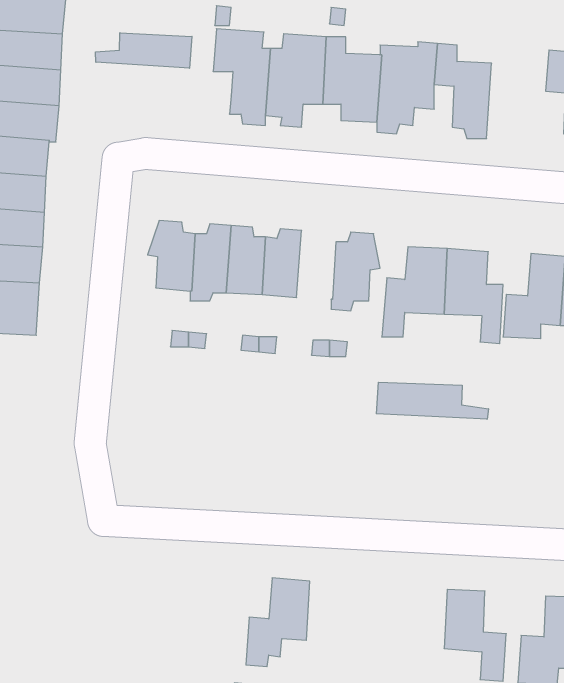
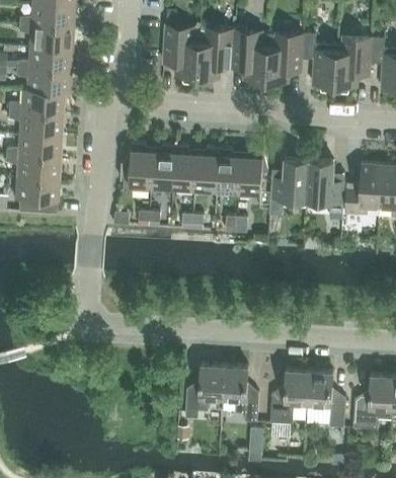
building: [96,33,192,68] -> none
building: none -> [333,36,372,93]
building: none -> [216,149,240,191]
building: [376,382,488,419] -> none
building: none -> [222,366,258,422]
building: none -> [269,369,309,424]

